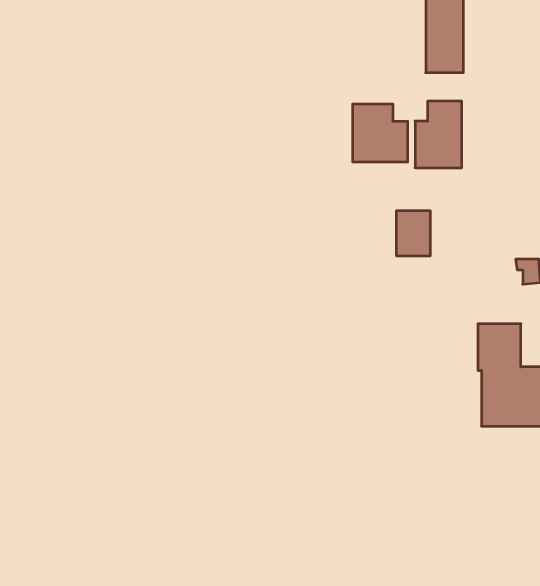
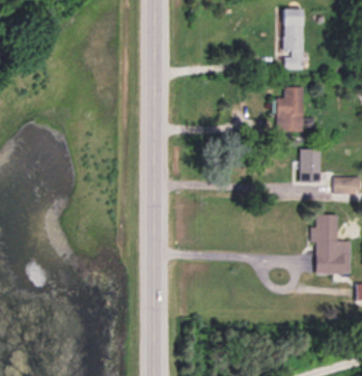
building: [353,104,408,162] -> none
building: [396,211,430,256] -> [300,155,319,181]

